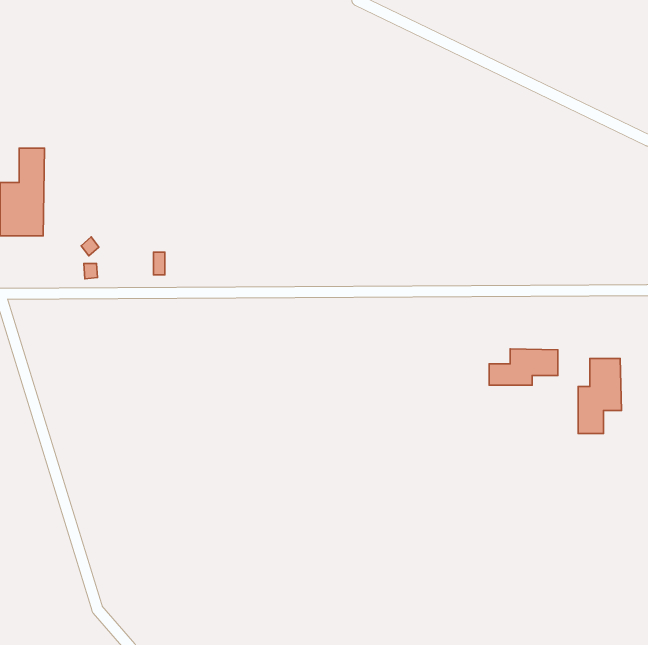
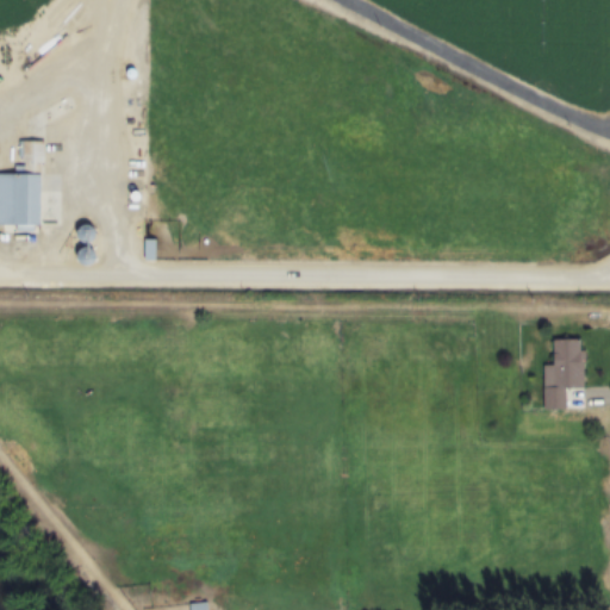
building: [489,349,558,385] -> none

